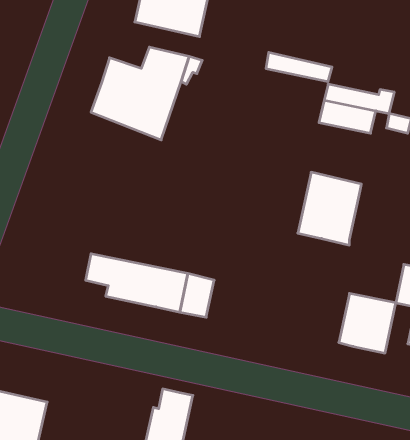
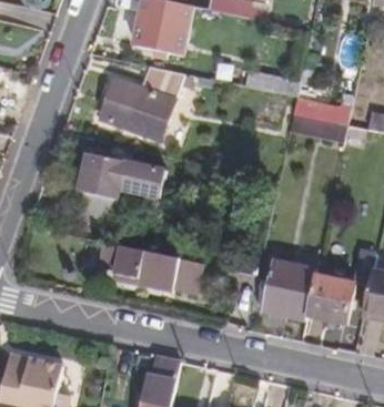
building: none -> [74,154,164,228]
building: [298,172,361,245] -> [263,257,316,318]

